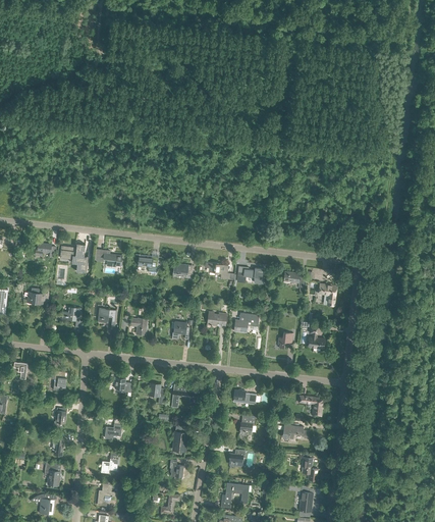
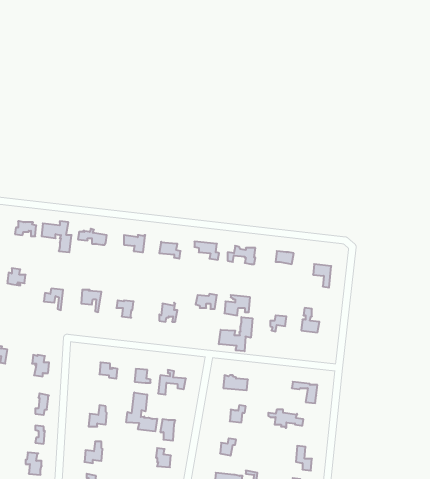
building: none -> [219,317,252,351]
building: none -> [126,392,157,431]

